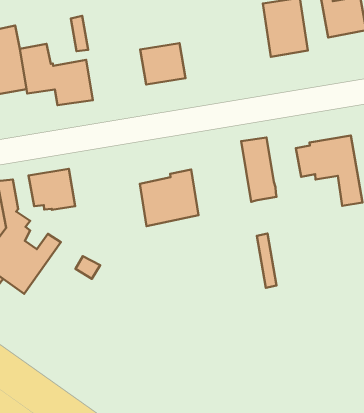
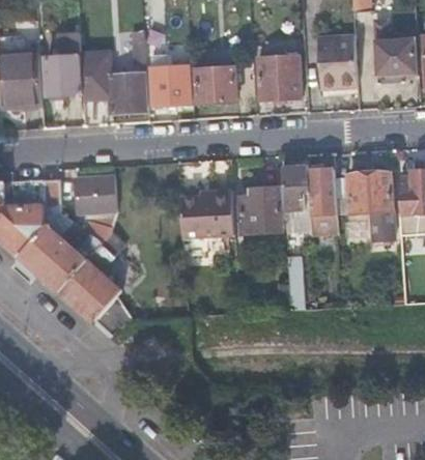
building: none -> [256,57,300,99]
building: none -> [149,66,190,106]
building: none -> [307,169,337,232]
building: none -> [239,188,280,233]
building: none -> [58,231,131,337]

